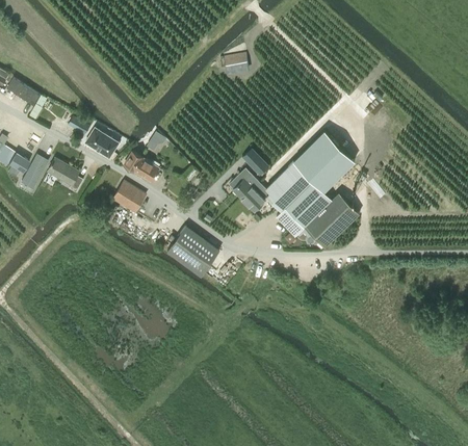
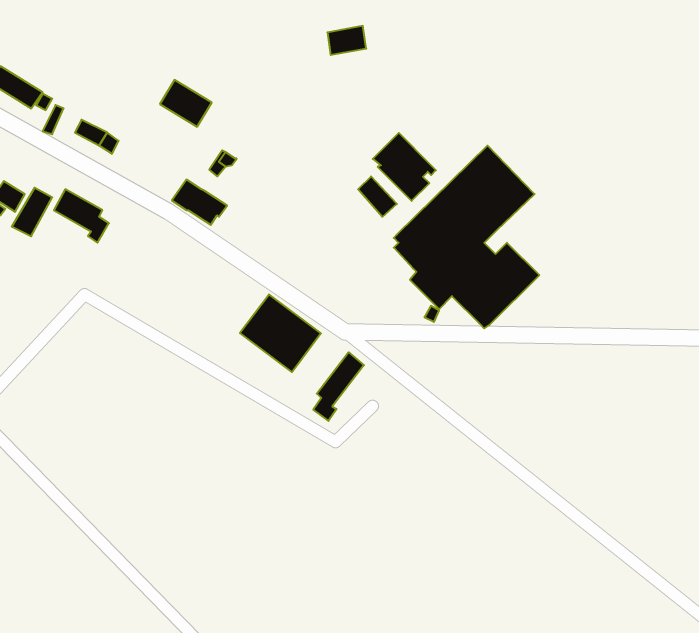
building: [85,127,119,157] -> [160,80,212,127]
building: [229,167,269,211] -> [373,133,436,201]
building: [113,180,147,211] -> none
building: none -> [313,352,364,421]

